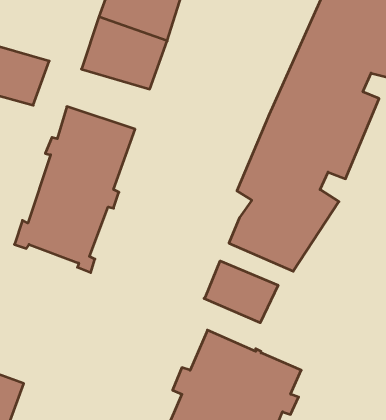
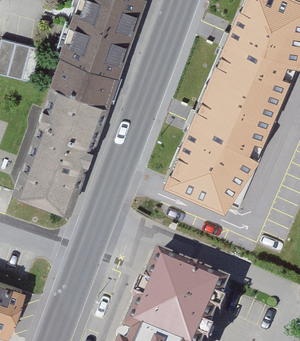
building: none -> [54,57,116,102]
building: [204,261,278,323] -> none

